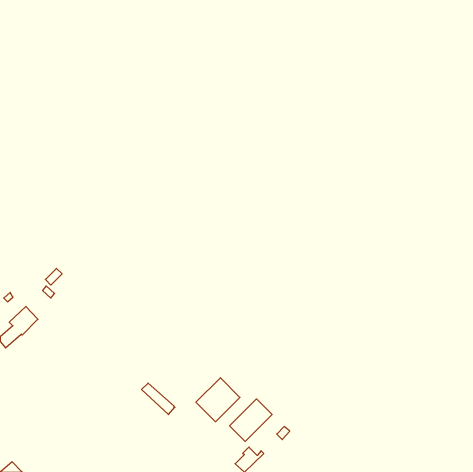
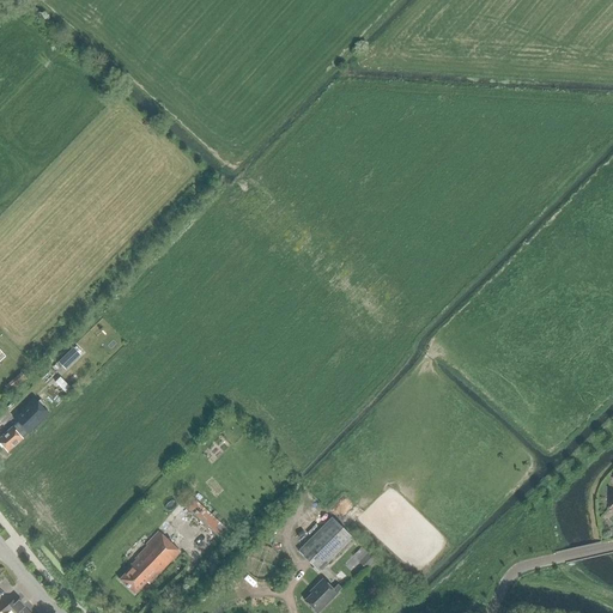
building: [196,378,240,422] -> none
building: none -> [119,530,180,593]

